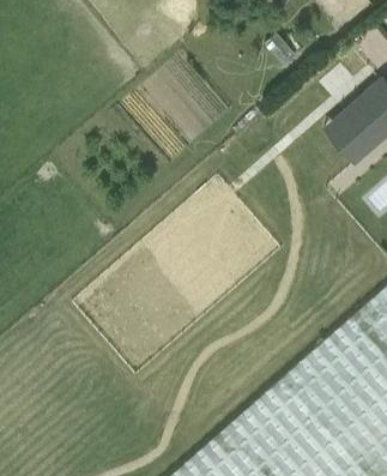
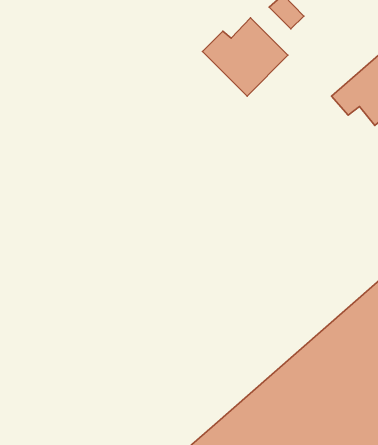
building: none -> [202,18,288,96]

